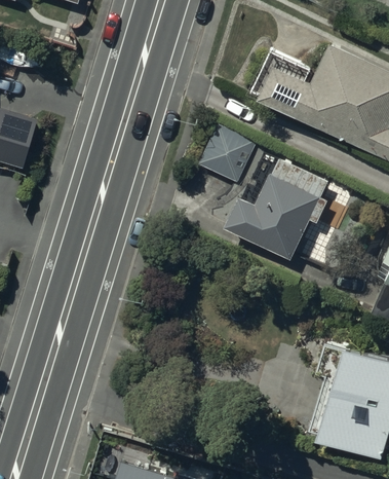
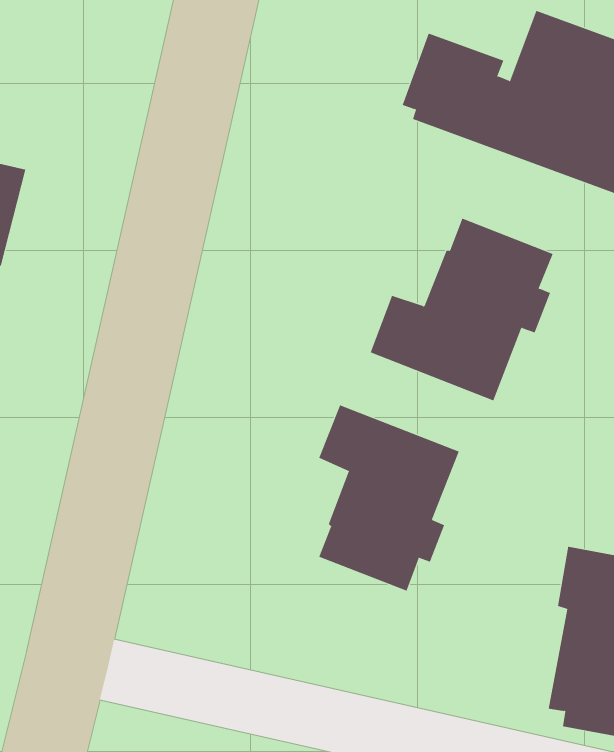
building: [197,126,255,183] -> none
building: none -> [318,405,459,591]

